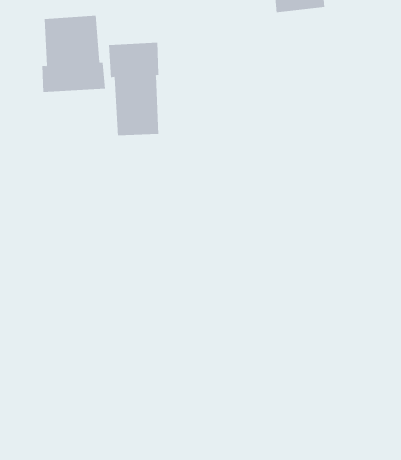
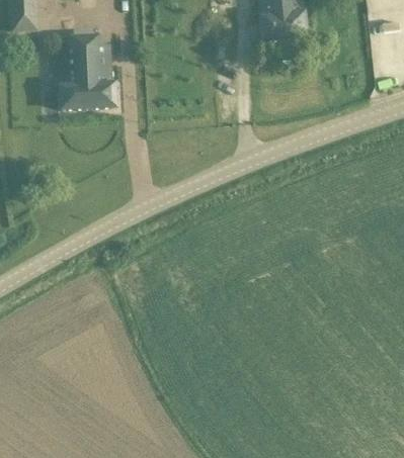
building: [108,42,159,136] -> none

